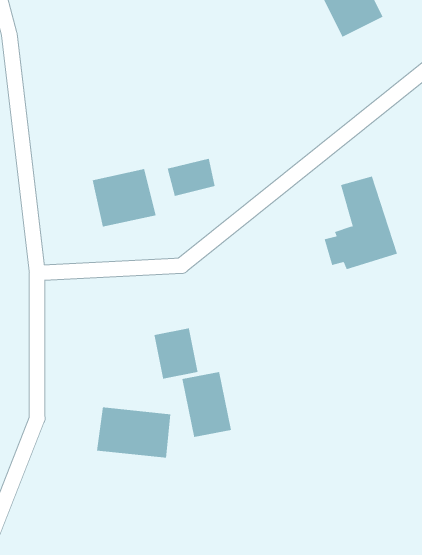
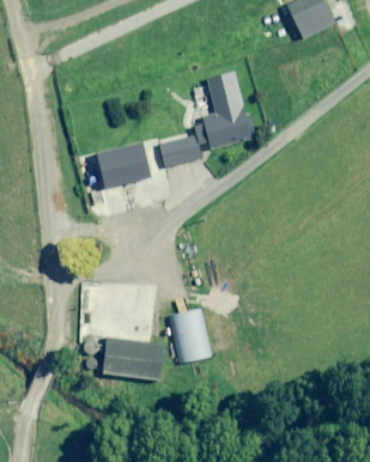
building: [324,176,398,270] -> [193,72,253,148]
building: [154,328,198,380] -> none

